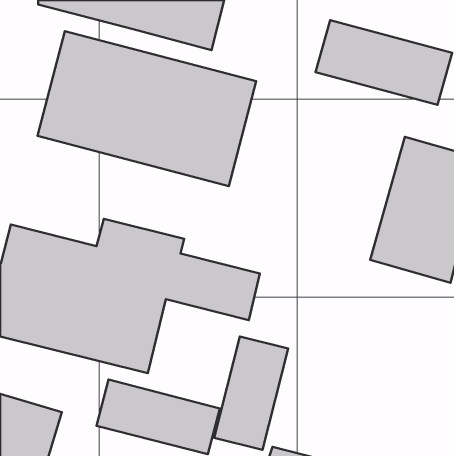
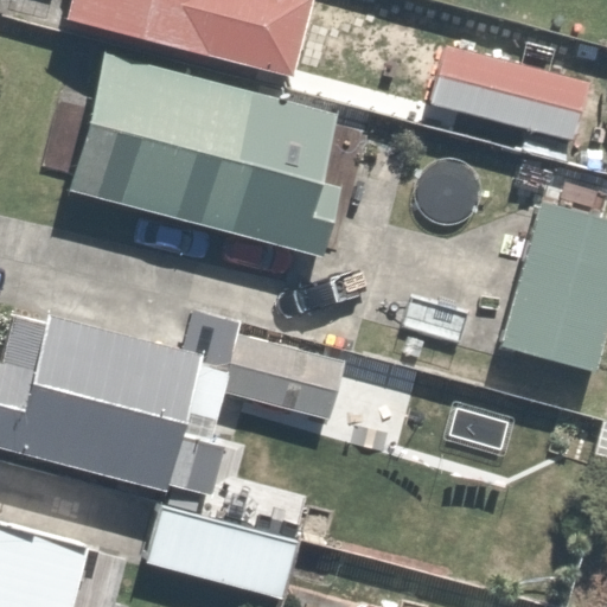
building: [214,337,288,450] -> none

